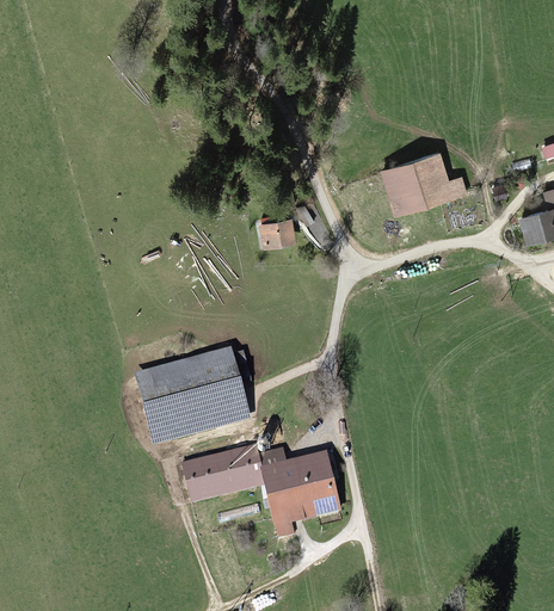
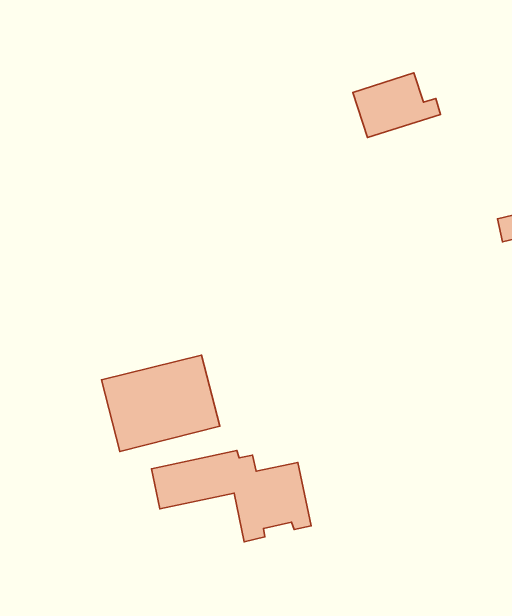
building: [382,149,468,212] -> [353,73,441,138]
building: [261,220,294,243] -> none

